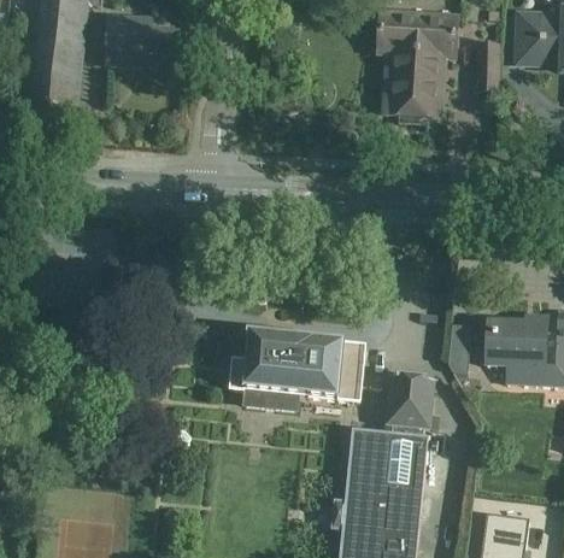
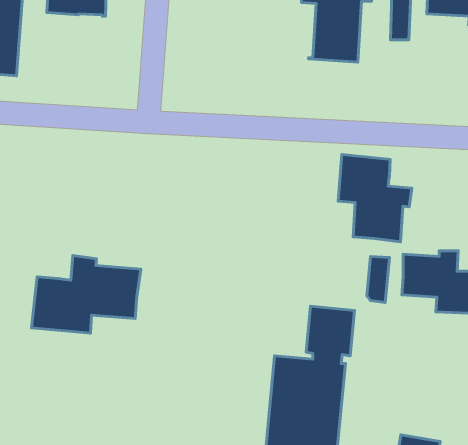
building: none -> [338,155,412,242]
building: none -> [31,255,141,333]
building: [231,333,365,412] -> none

